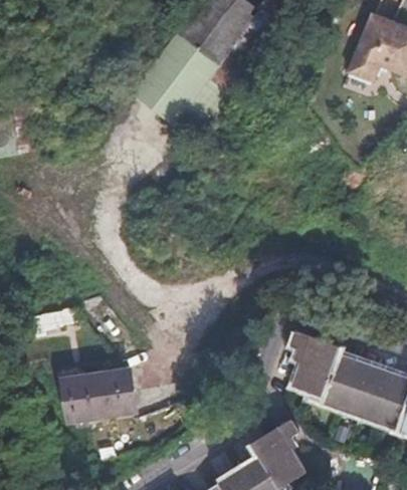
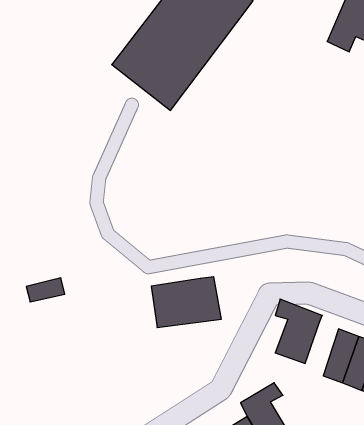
building: [323,355,360,412] -> none
building: [65,369,139,422] -> [151,277,221,328]

